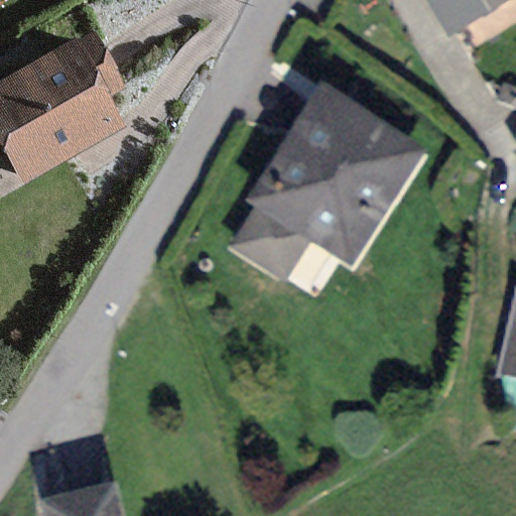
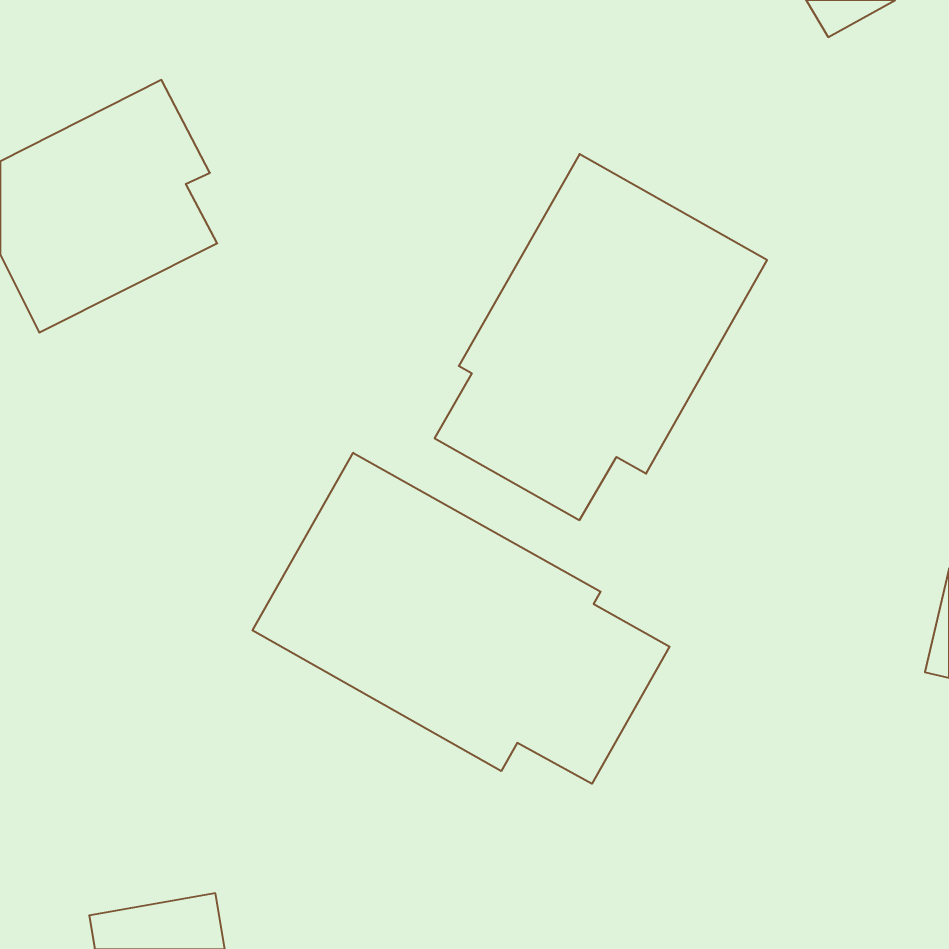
building: none -> [253,453,670,784]

